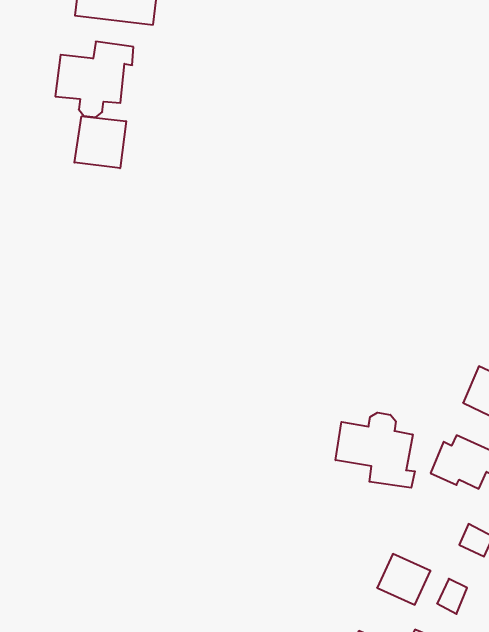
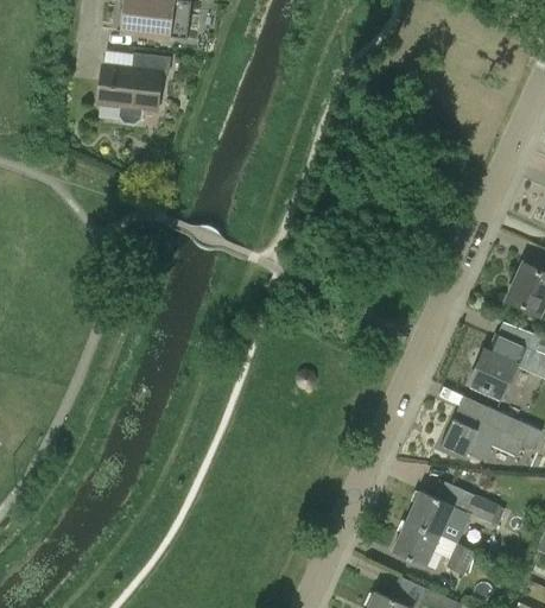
building: [74,116,126,168] -> none
building: [336,413,415,488] -> none
building: none -> [406,489,454,536]

